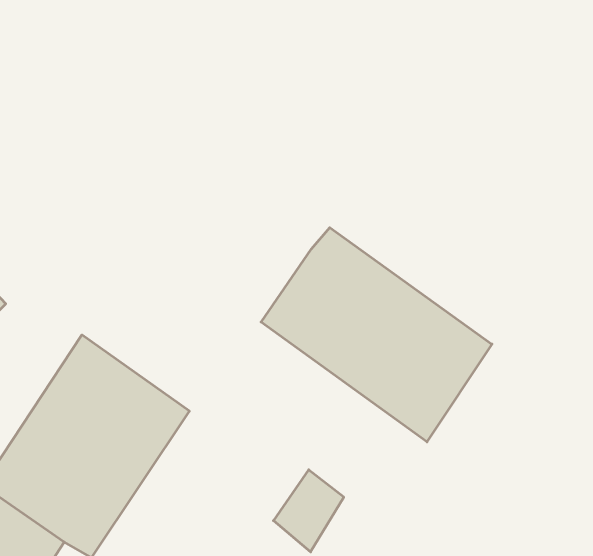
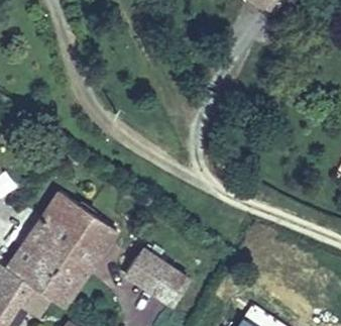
building: [261,228,492,442] -> none
building: none -> [124,240,175,289]

